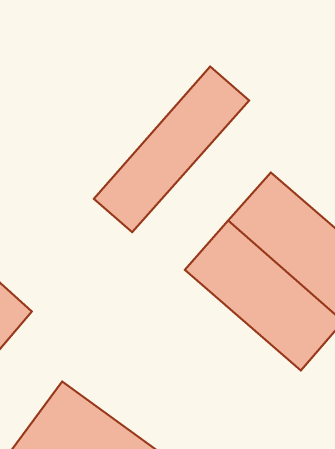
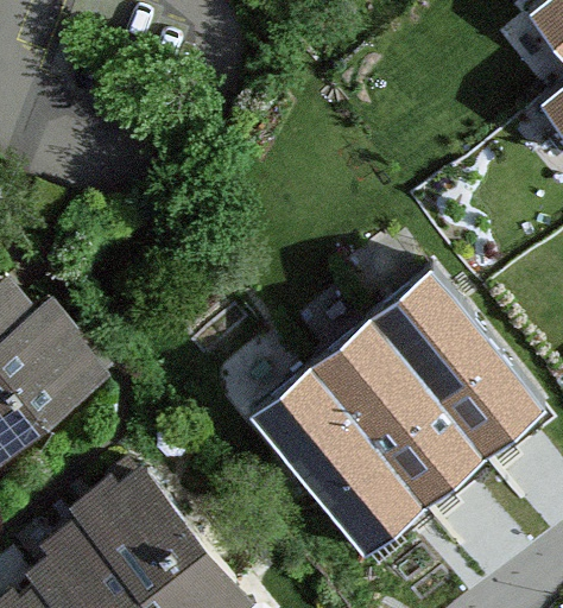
building: [94,66,249,232] -> none
building: none -> [248,367,423,557]

